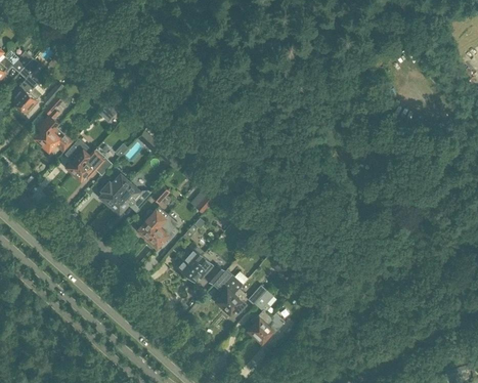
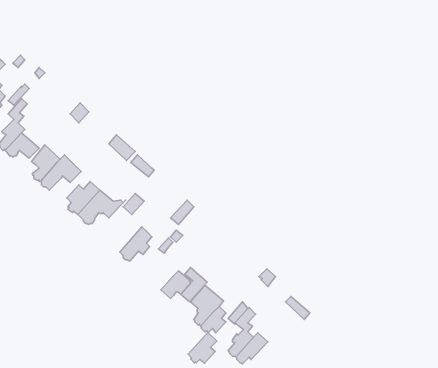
building: [137,209,168,241] -> none
building: [177,245,204,275] -> none
building: none -> [188,333,217,363]

